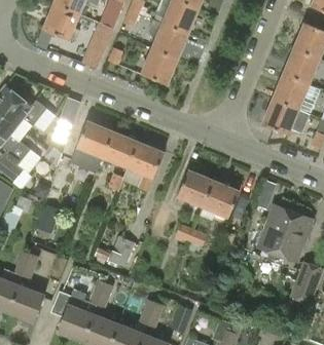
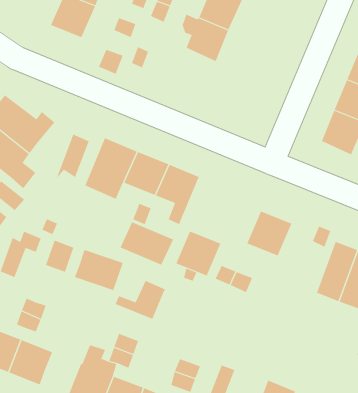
building: [141,47,177,84] -> none
building: [176,169,213,206] -> [176,231,221,276]
building: none -> [120,222,174,266]
building: none -> [74,249,124,291]

